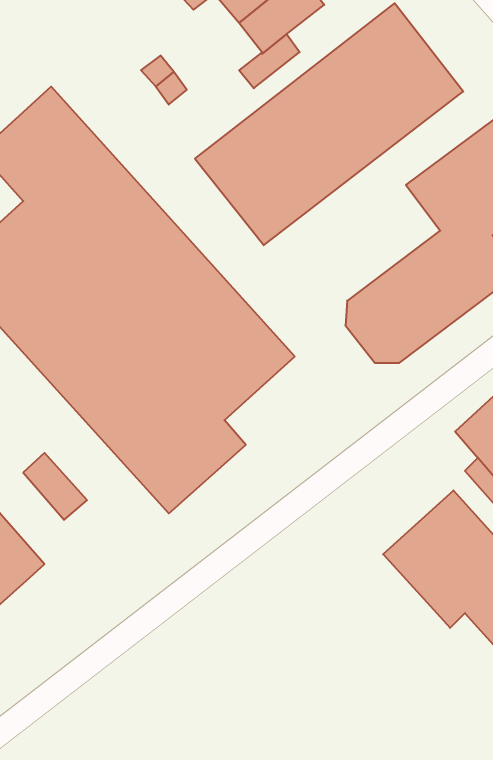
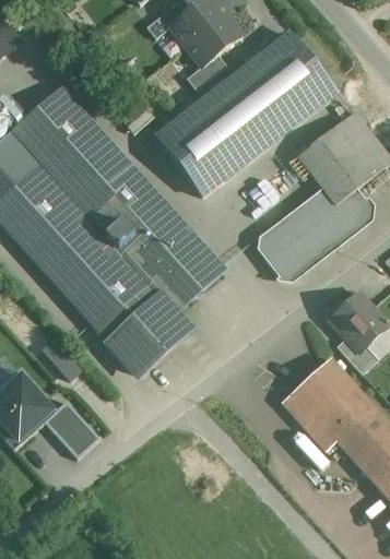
building: none -> [45,400,98,455]

